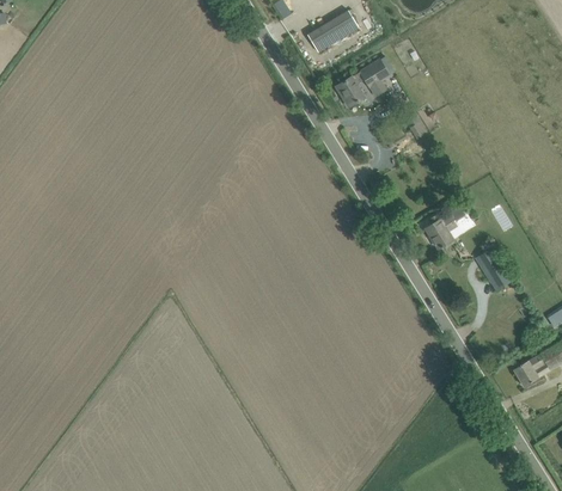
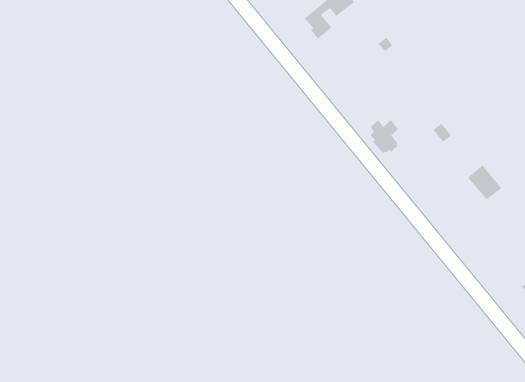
building: [427,214,456,248] -> [370,119,399,155]

